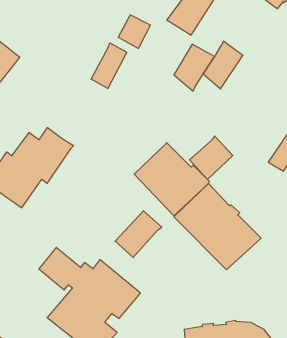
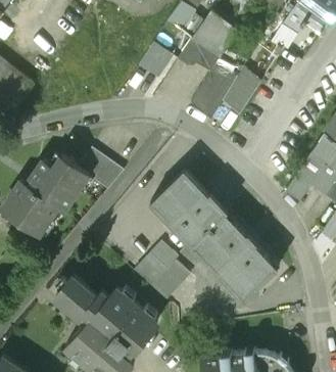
building: [91,43,127,89] -> none
building: none -> [79,146,125,188]
building: [190,136,233,180] -> none
building: none -> [150,258,189,298]

